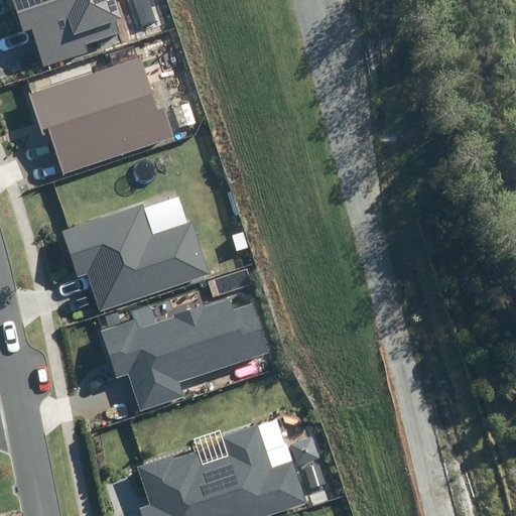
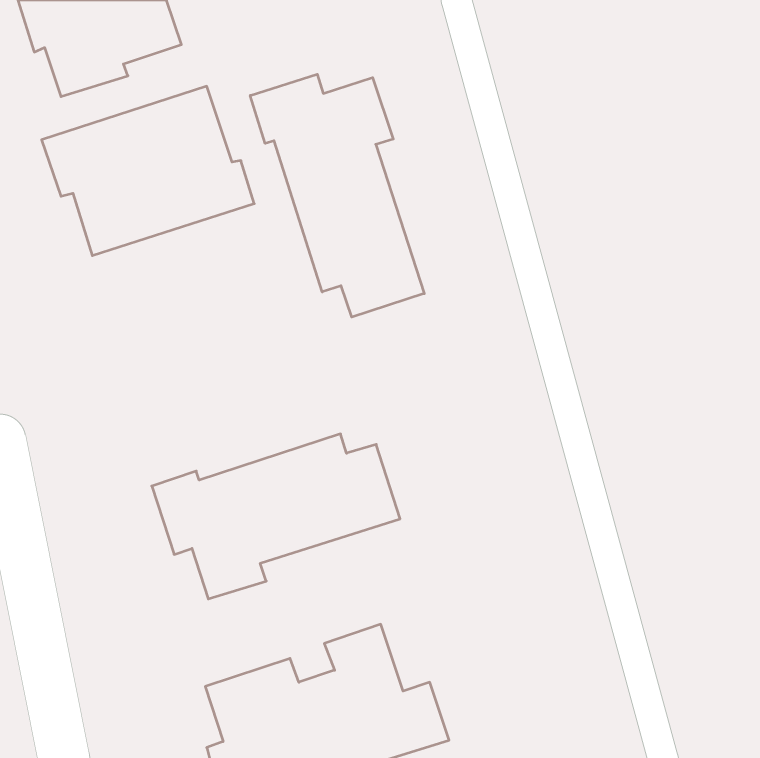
building: none -> [250,74,424,317]
building: [60,203,208,311] -> none

